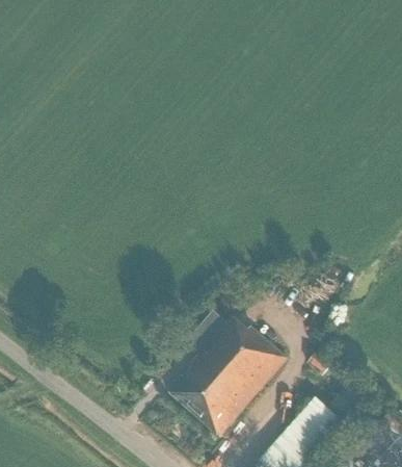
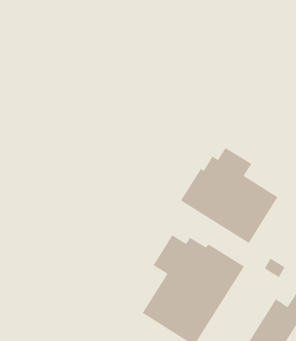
building: none -> [180,147,278,244]

